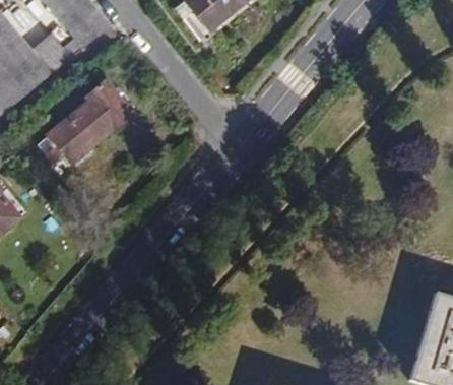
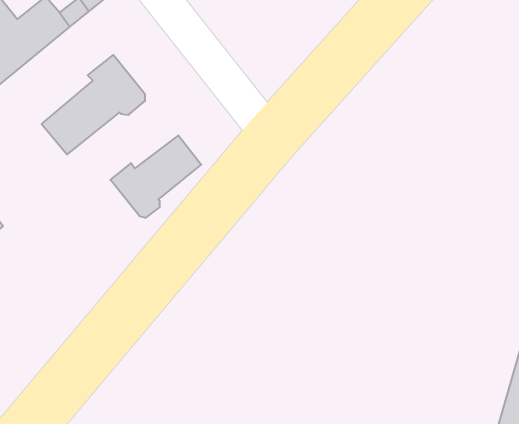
building: none -> [110,135,201,218]

